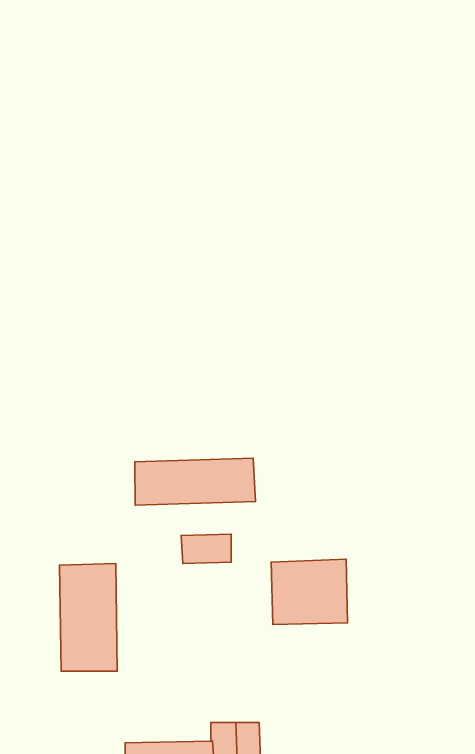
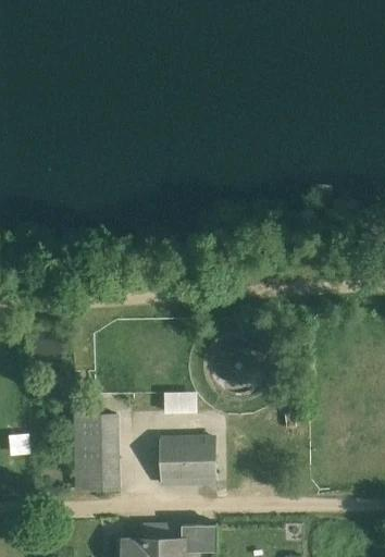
building: [135,458,256,505] -> none
building: [271,559,348,624] -> [161,437,214,483]

